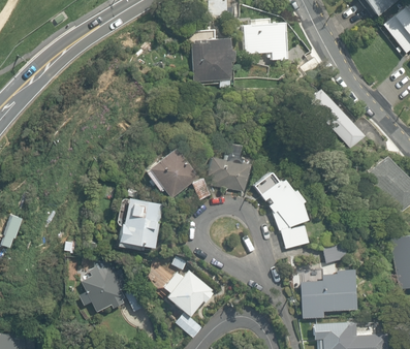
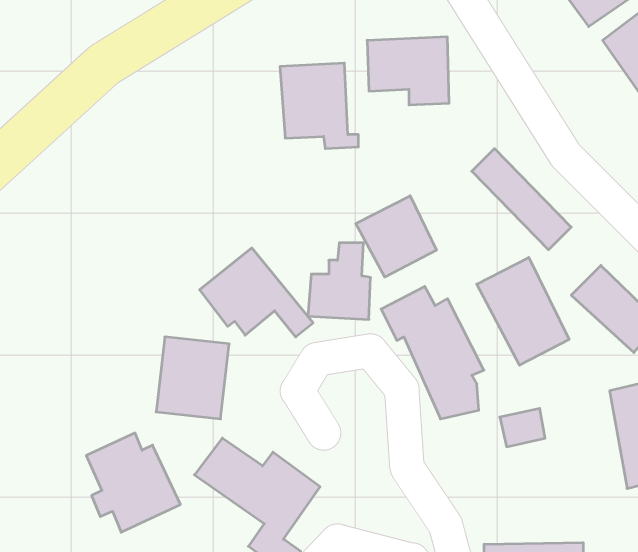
building: none -> [356,196,436,277]
building: none -> [477,257,569,365]
building: [303,267,350,318] -> none

